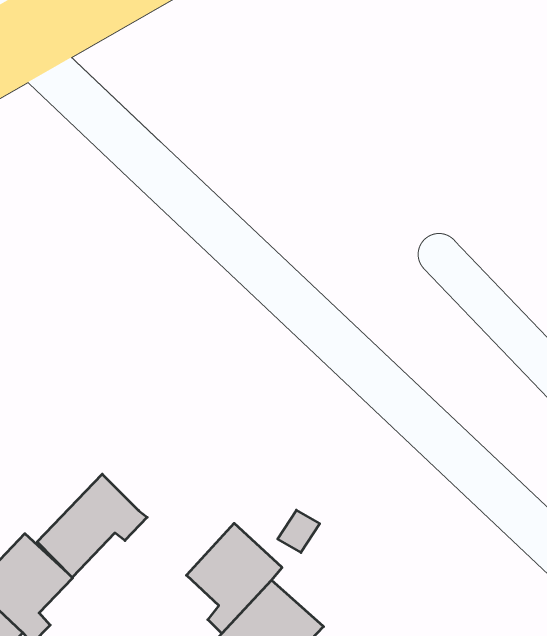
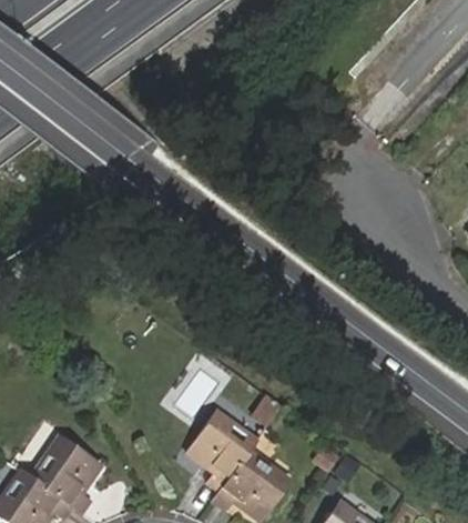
building: [37,474,147,577] -> none

